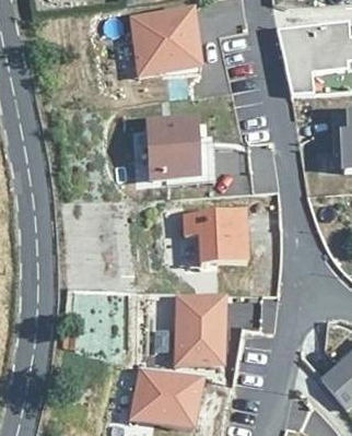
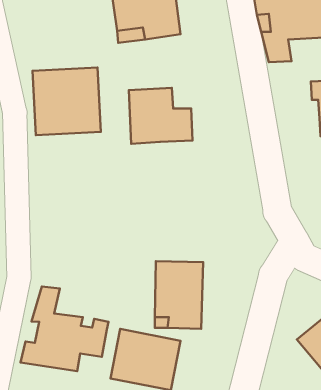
building: none -> [33,68,101,135]
building: [184,209,246,262] -> none
building: none -> [20,287,109,371]

